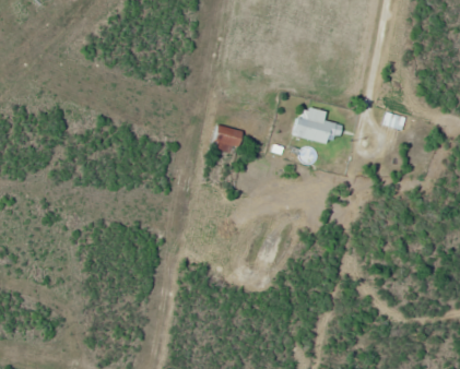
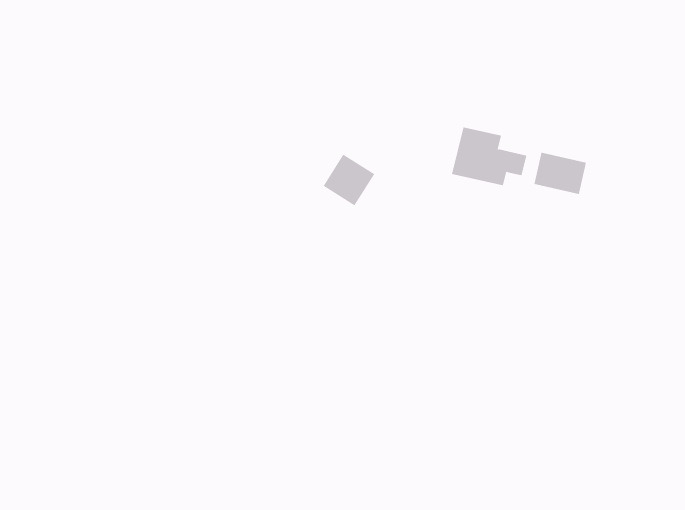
building: none -> [534,152,586,195]

